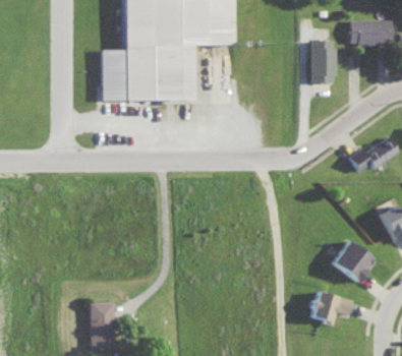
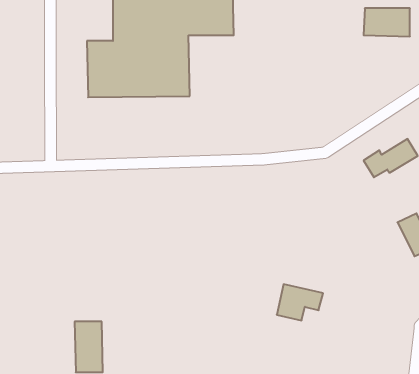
building: [311,41,336,82] -> none
building: [333,241,377,283] -> none
building: [311,292,353,324] -> [277,284,323,320]

